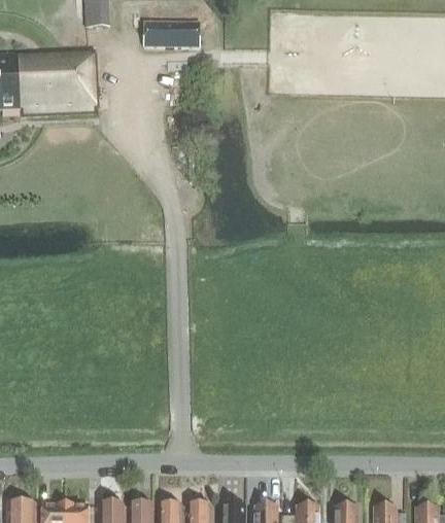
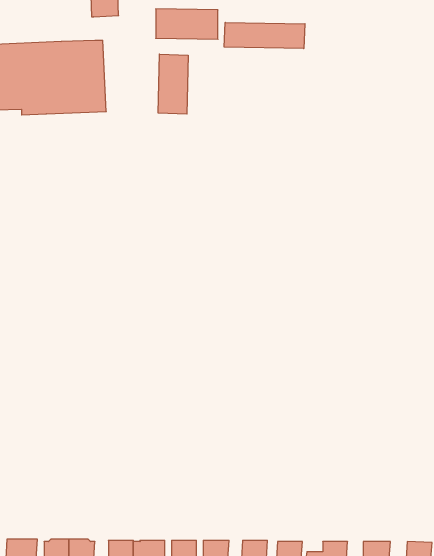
building: none -> [224,22,305,49]
building: none -> [158,54,188,114]

